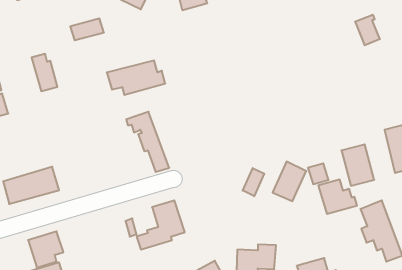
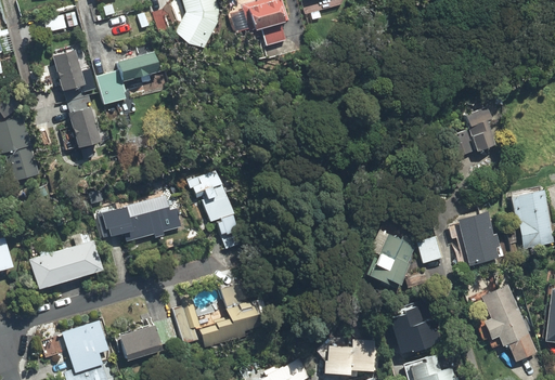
building: [355,15,380,45] -> [463,114,494,152]
building: none -> [53,51,83,101]
building: none -> [100,73,124,101]
building: [107,60,165,95] -> [105,197,179,240]
building: [243,168,264,196] -> none
building: [318,180,357,214] -> [390,310,439,353]
building: none -> [120,328,160,359]

